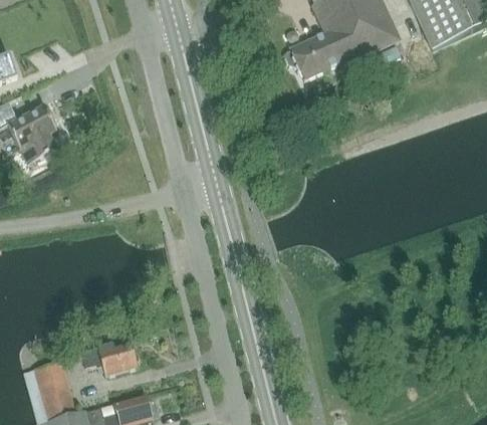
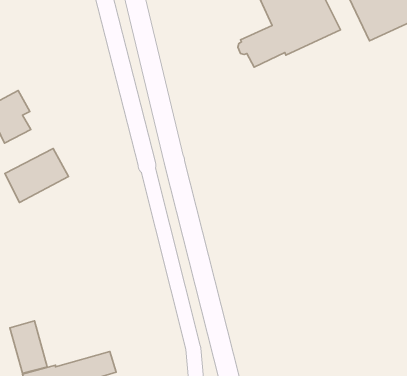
building: none -> [5,148,69,202]
building: [80,342,136,375] -> none

